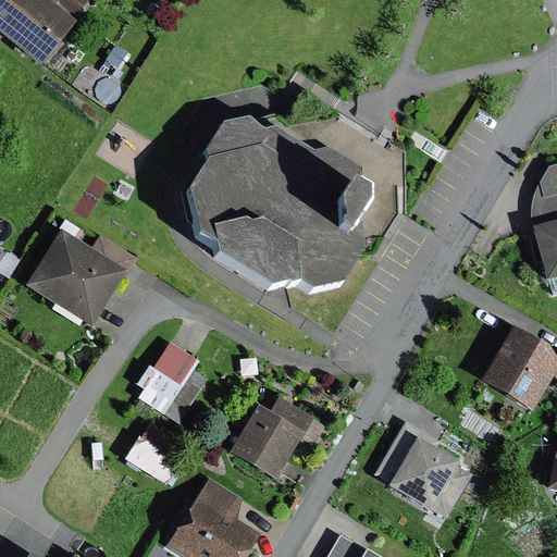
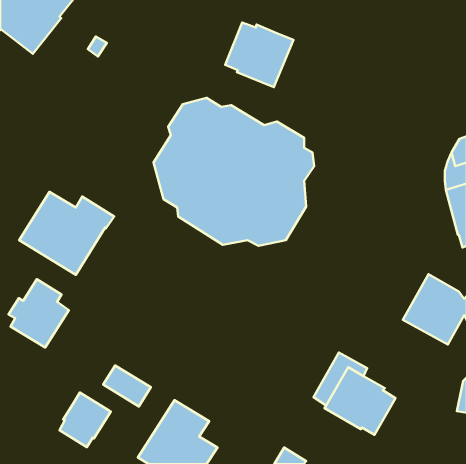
building: none -> [225,23,293,87]
building: [136,342,208,423] -> [9,279,69,348]
building: [228,396,314,479] -> none
building: none -> [59,392,111,447]

